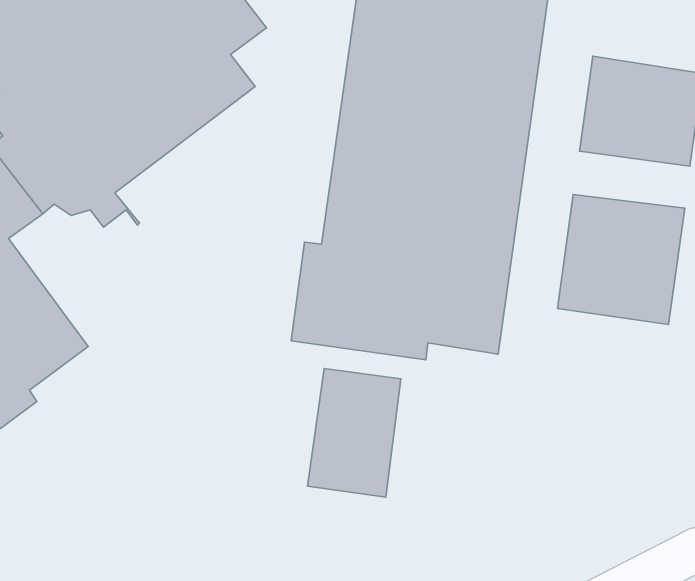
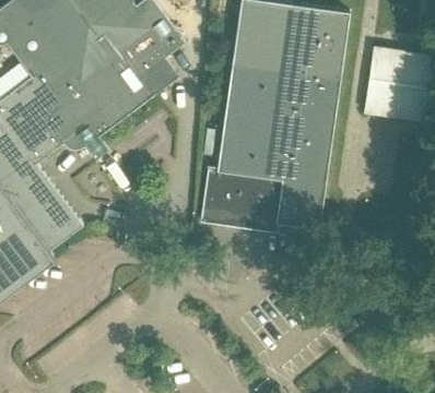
building: [557,195,685,324] -> none
building: [307,368,401,497] -> none

